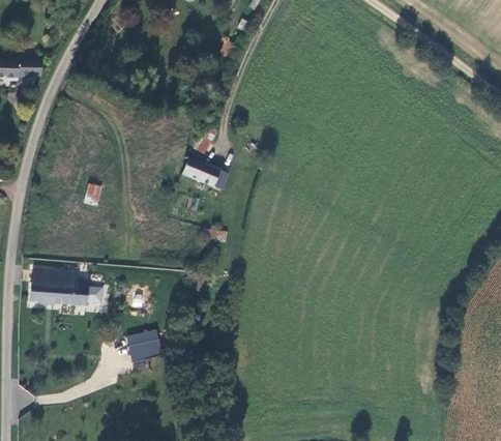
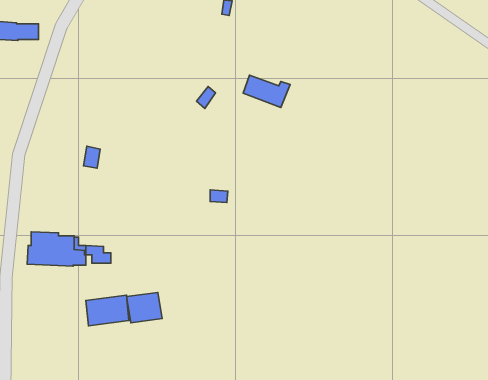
building: [181,156,228,188] -> [243,75,290,108]
building: none -> [86,295,129,326]

